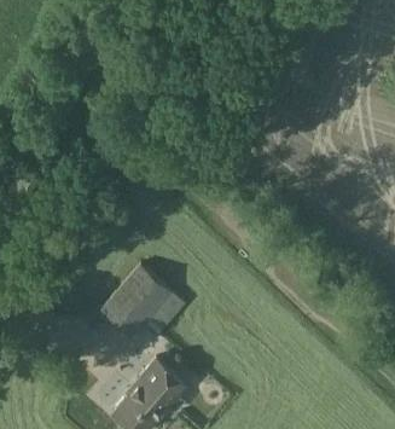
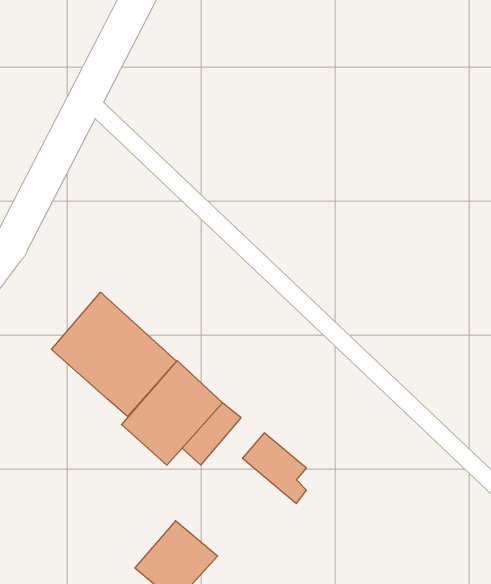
building: none -> [52,292,177,417]
building: [141,358,187,408] -> [242,433,306,504]

